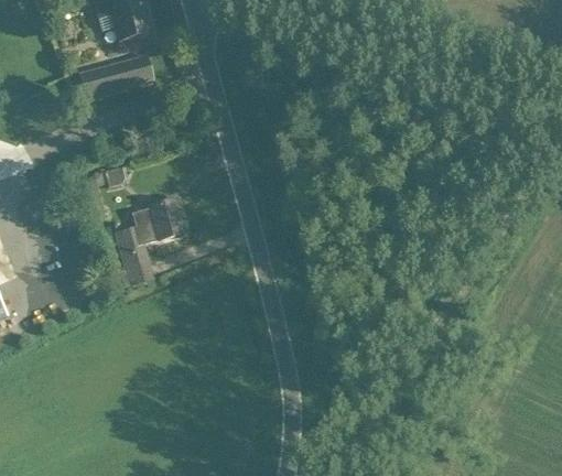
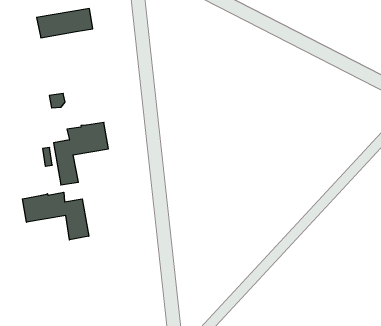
building: none -> [22,192,89,240]

